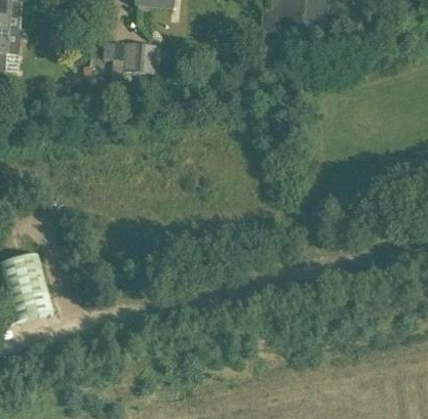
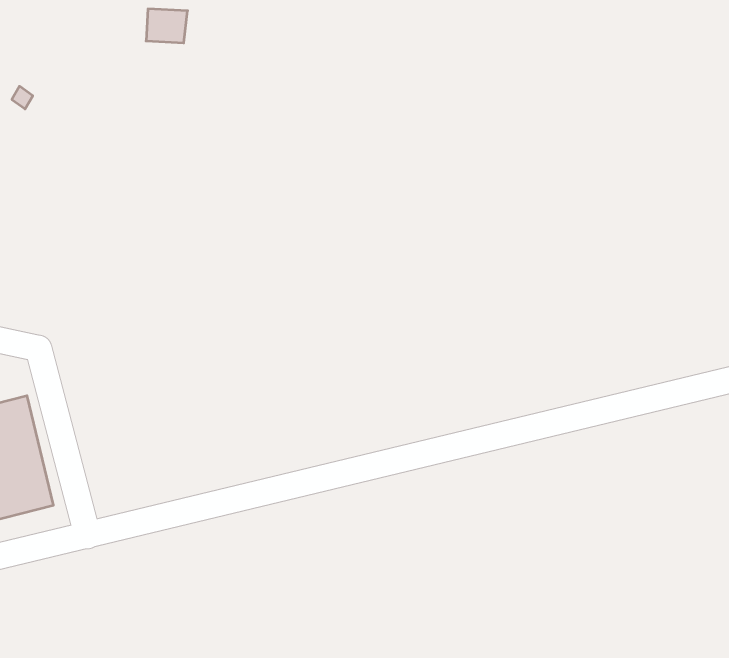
building: [122,43,144,72] -> none

